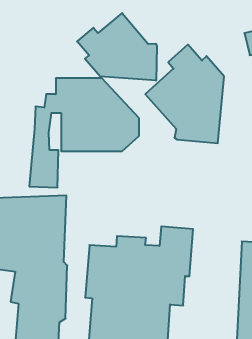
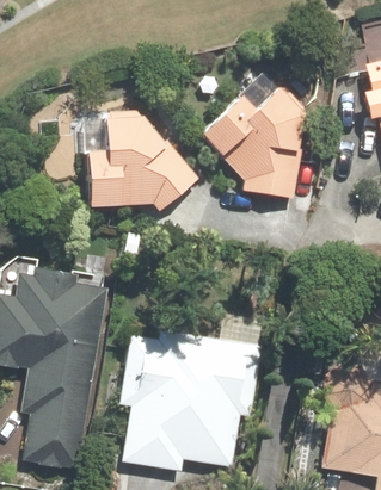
building: [77,13,157,81] -> none

